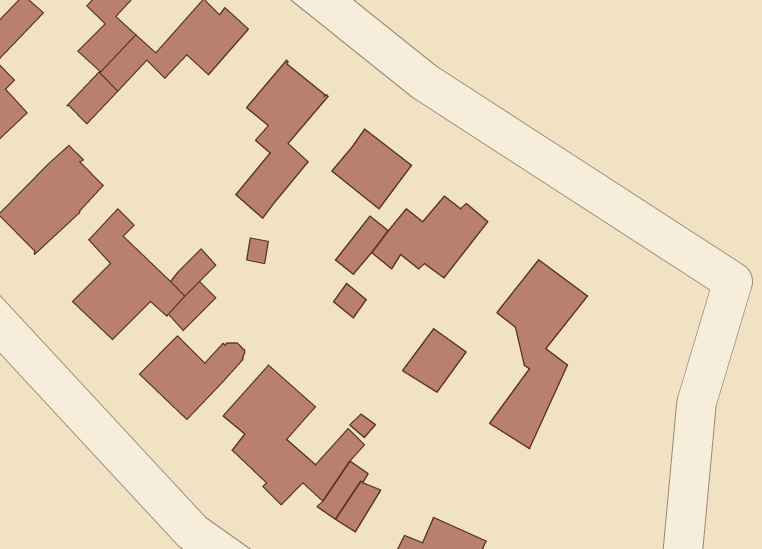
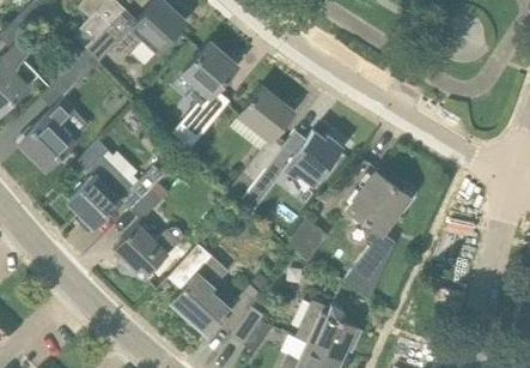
building: none -> [296,301,357,360]

